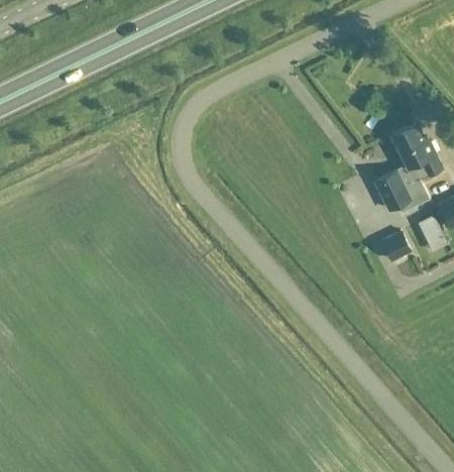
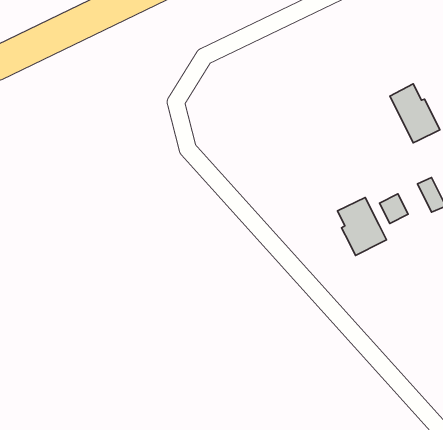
building: [375,165,430,214] -> none
building: none -> [337,197,387,255]

